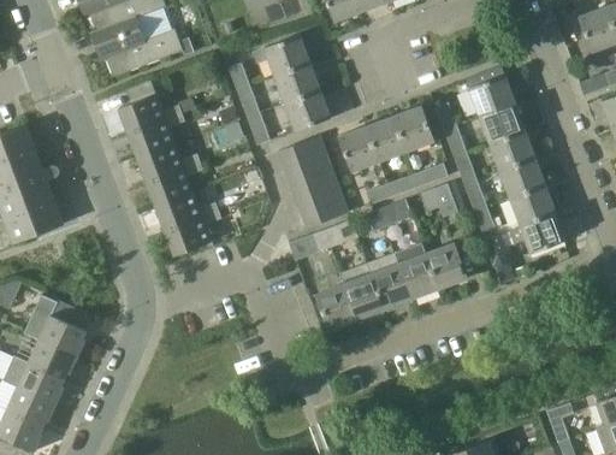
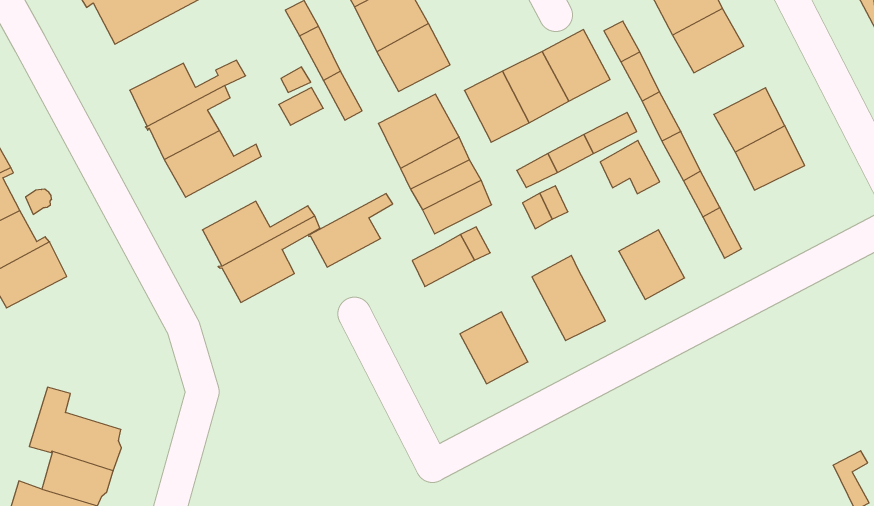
building: [490,129,535,171] -> none
building: [146,161,203,205] -> [308,194,393,267]
building: [508,212,565,253] -> none
building: [398,253,439,297] -> none
building: [340,262,384,318] -> none

